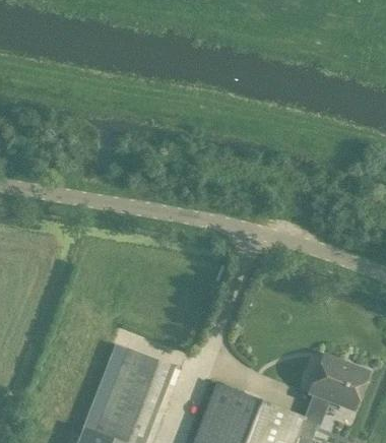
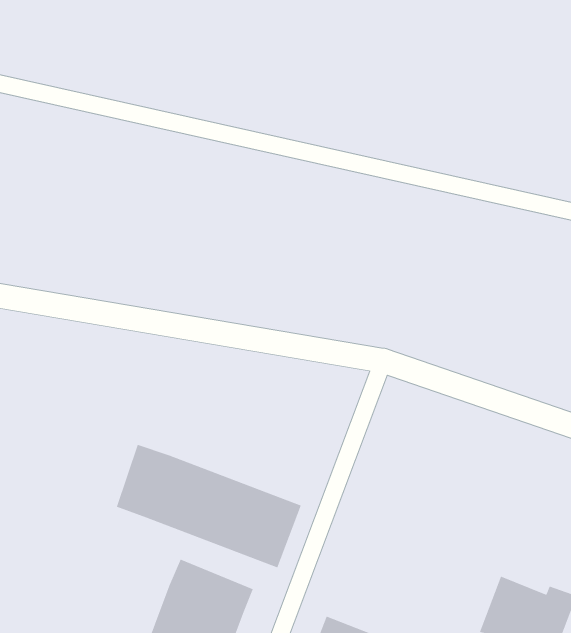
building: none -> [116,444,302,568]

